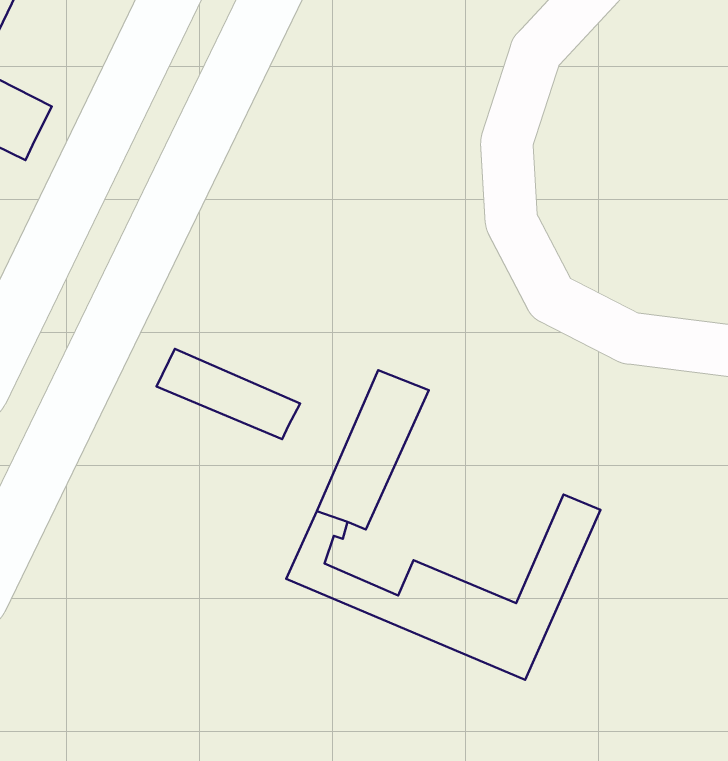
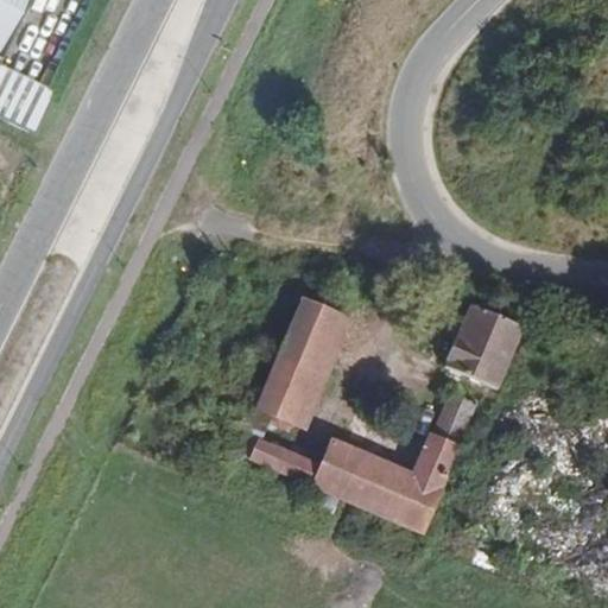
building: [157,349,300,439] -> none
building: none -> [445,299,525,384]

